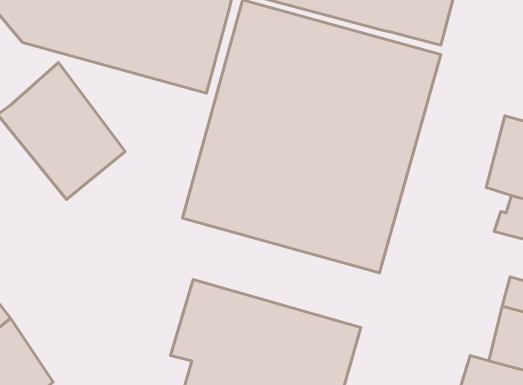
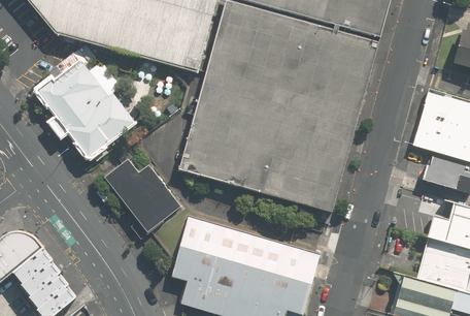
building: none -> [107,161,180,231]

